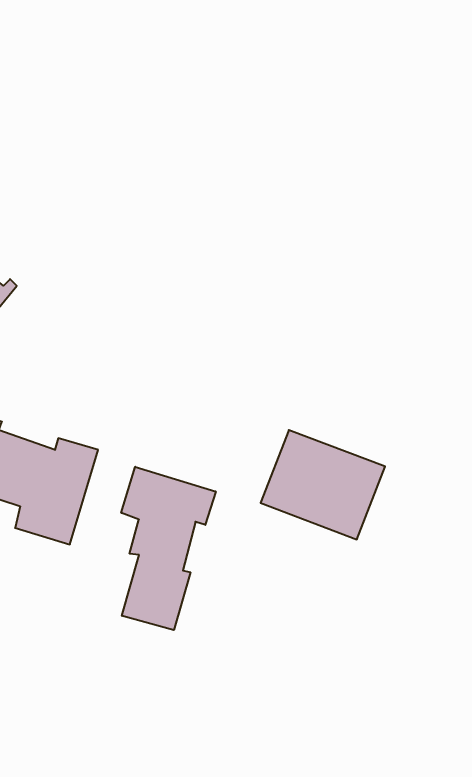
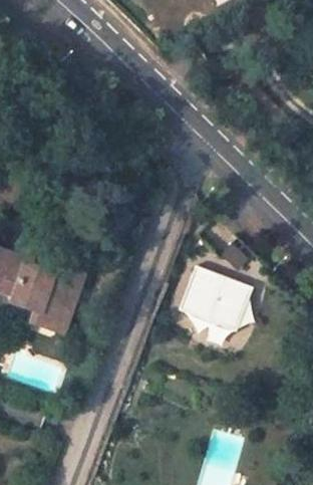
building: [121,467,216,630] -> none

